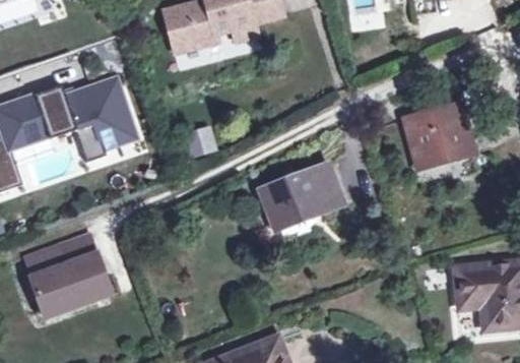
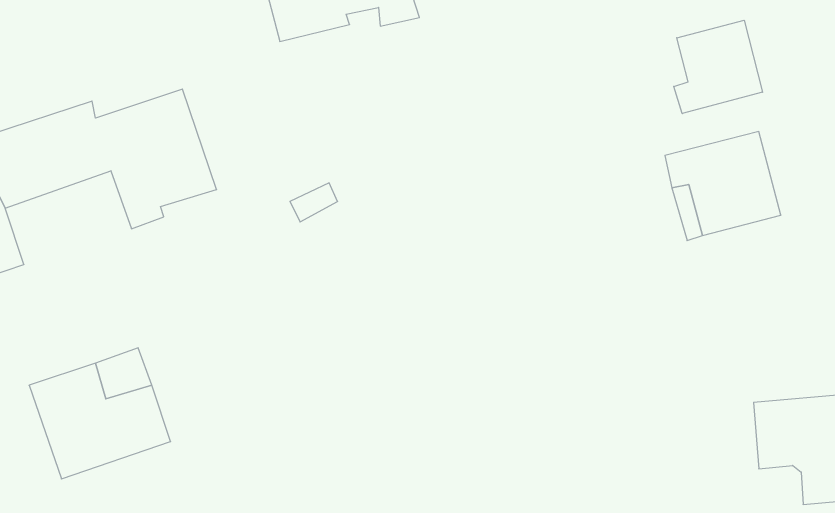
building: none -> [674,20,763,114]
building: [259,164,341,225] -> none

